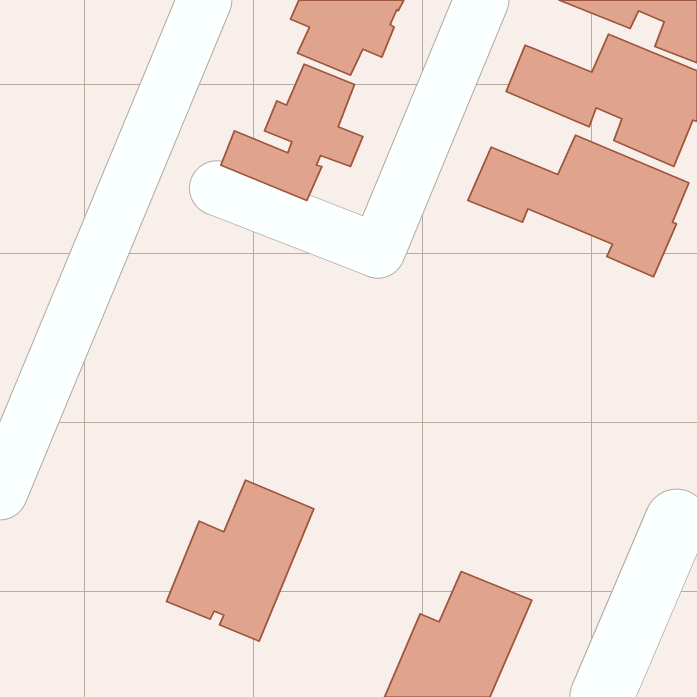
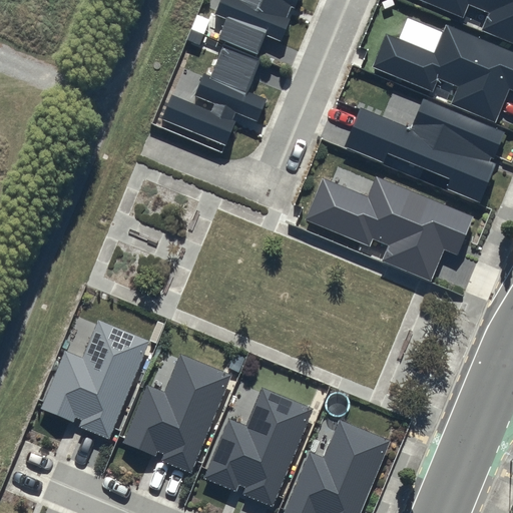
building: none -> [306,176,472,282]
building: none -> [40,319,148,438]
building: none -> [203,387,313,505]

